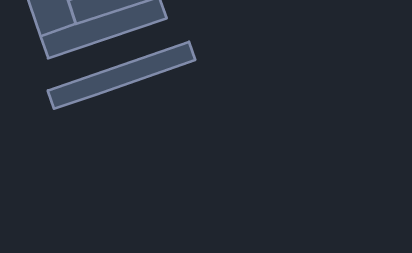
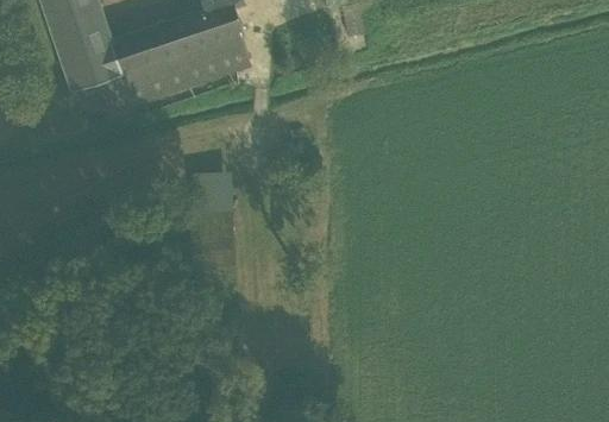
building: [48,42,195,109] -> none

